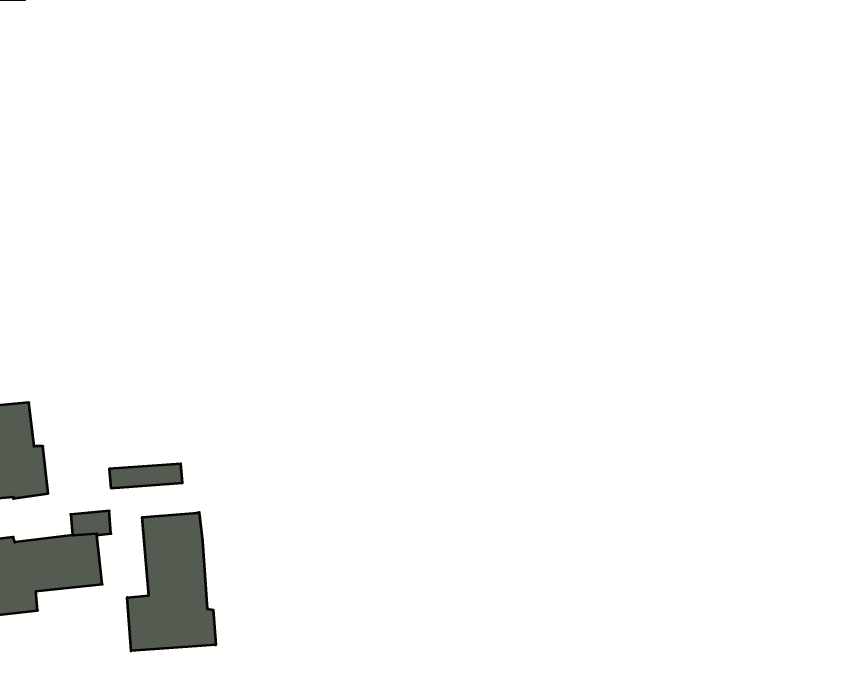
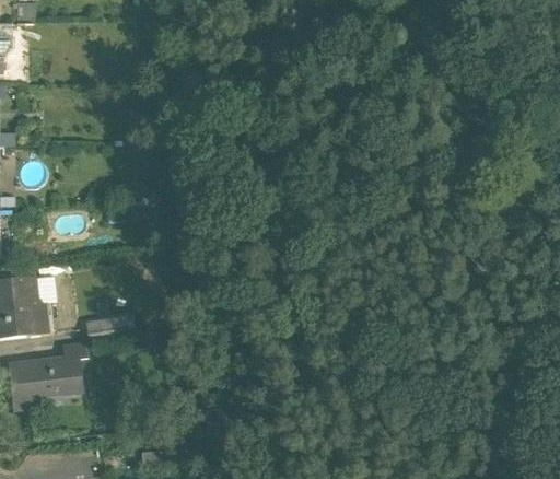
building: [127,512,216,651] -> none

